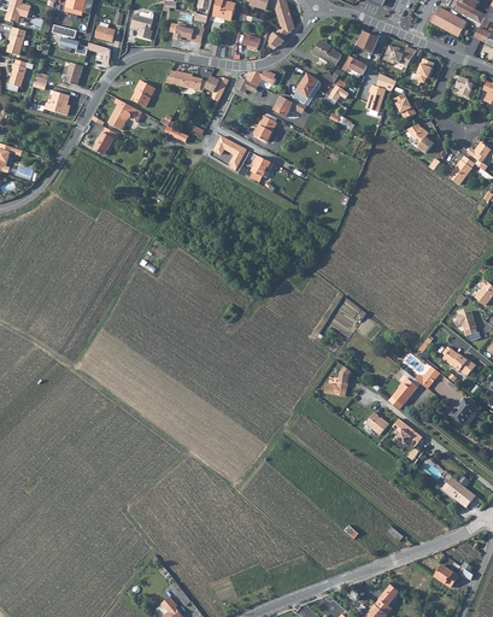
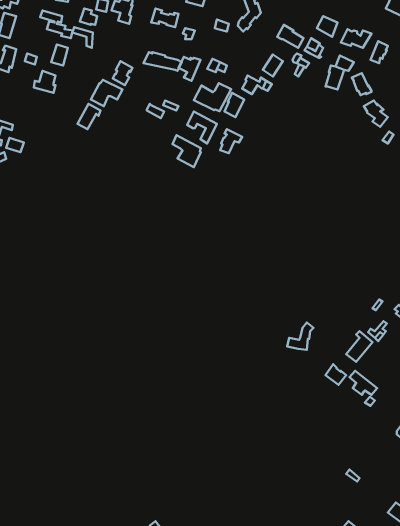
building: none -> [194,83,231,111]
building: none -> [172,135,201,167]

